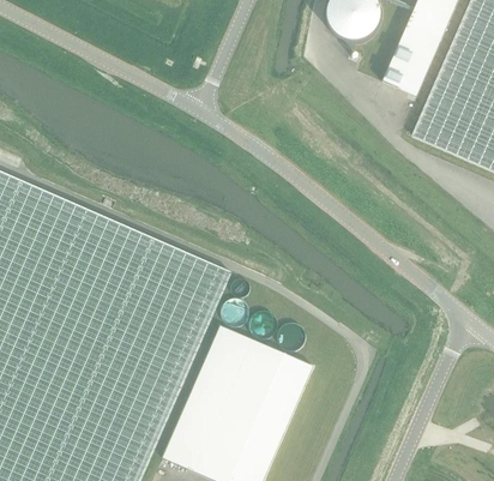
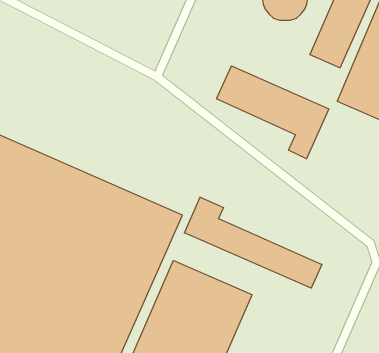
building: none -> [217,66,329,159]
building: none -> [184,197,322,288]

